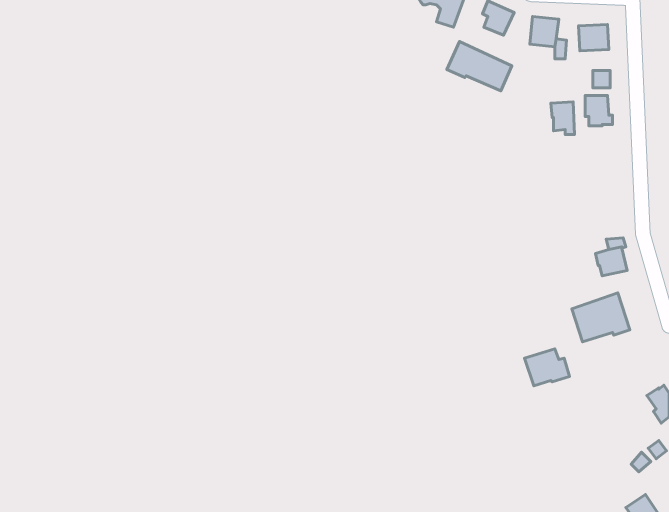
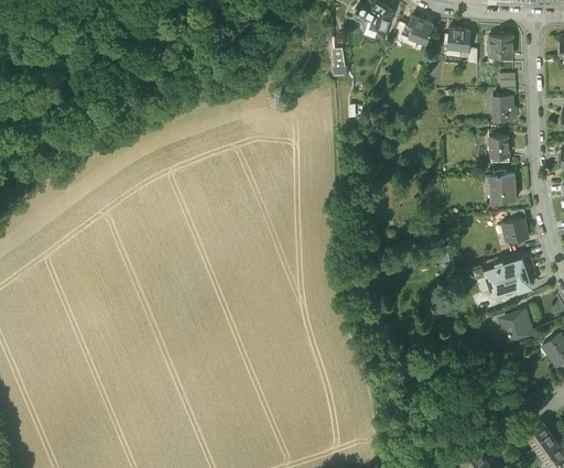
building: [447,41,512,91] -> none
building: [551,102,574,135] -> [488,137,508,164]
building: none -> [485,177,516,205]
building: [525,349,569,386] -> [496,311,533,341]

